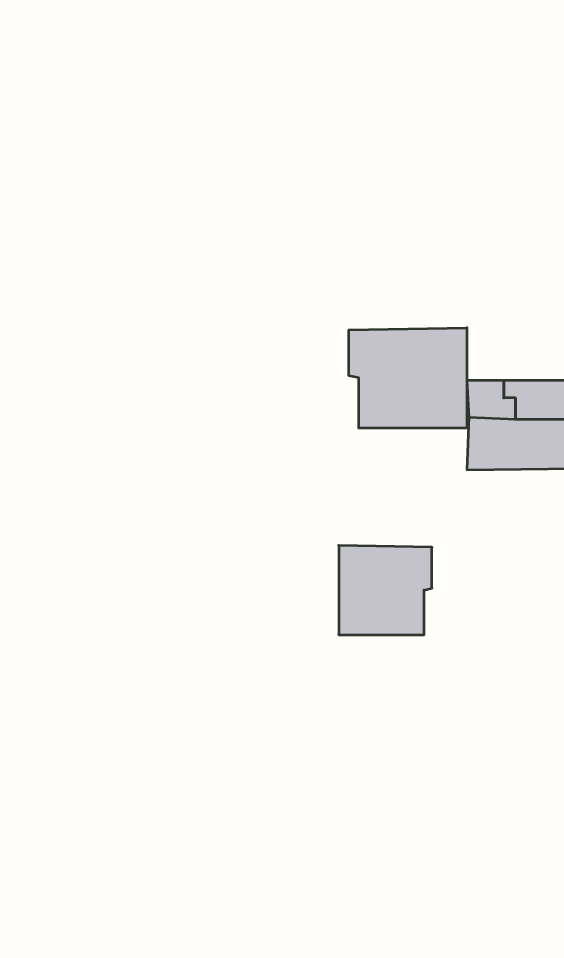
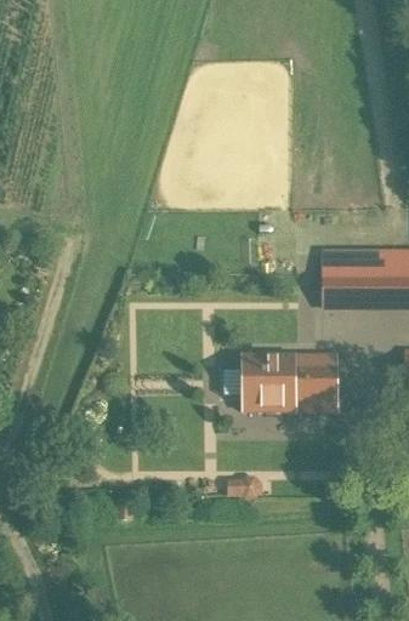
building: [349,328,467,428] -> none
building: none -> [294,354,337,409]

